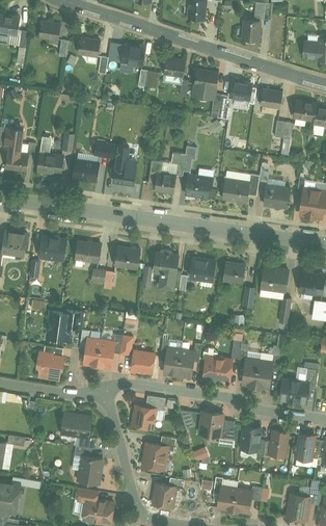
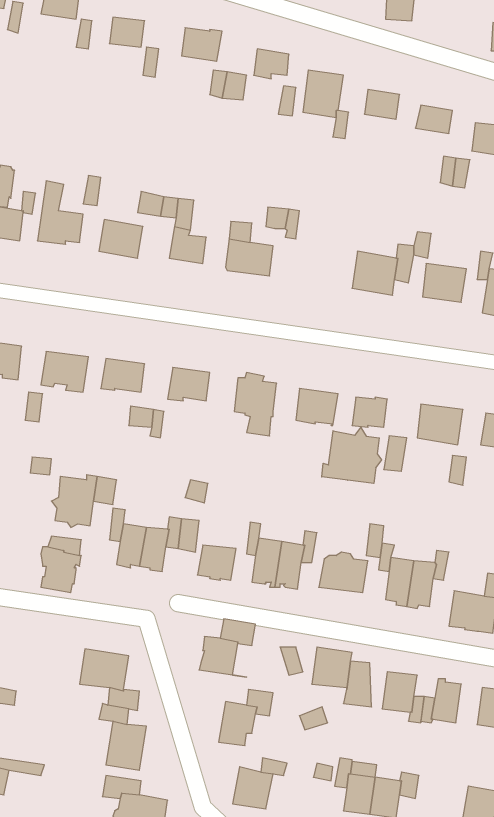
building: [186,175,212,198] -> none
building: none -> [322,427,382,483]

